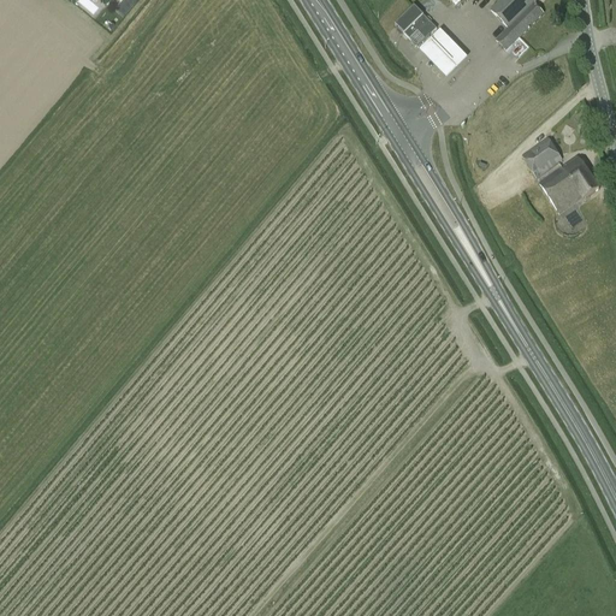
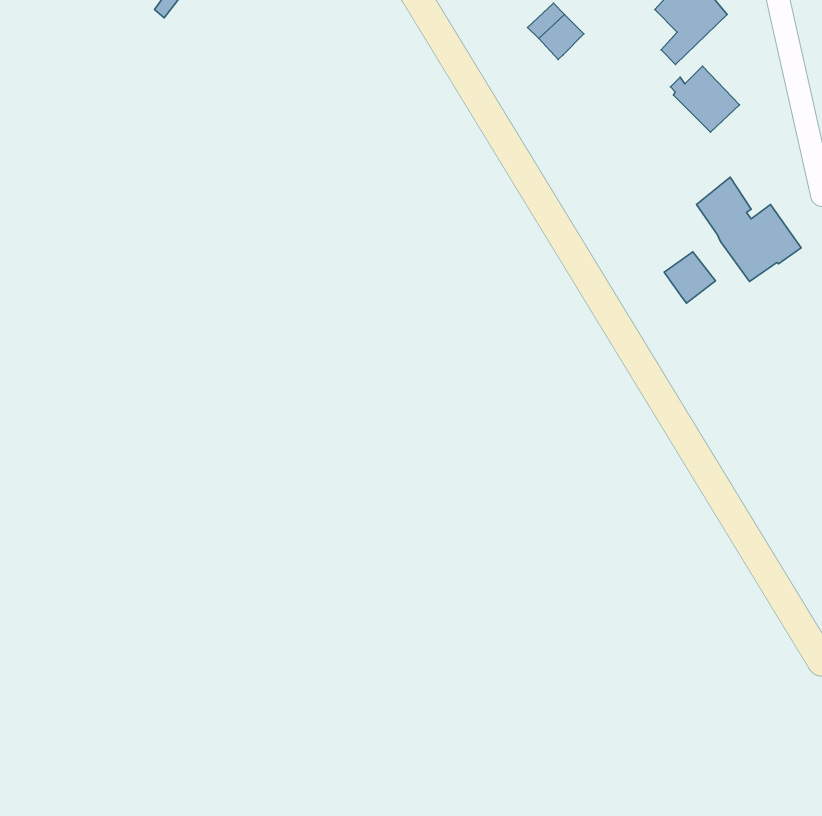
building: [417,29,469,78] -> [670,66,740,132]
building: none -> [664,252,716,303]

